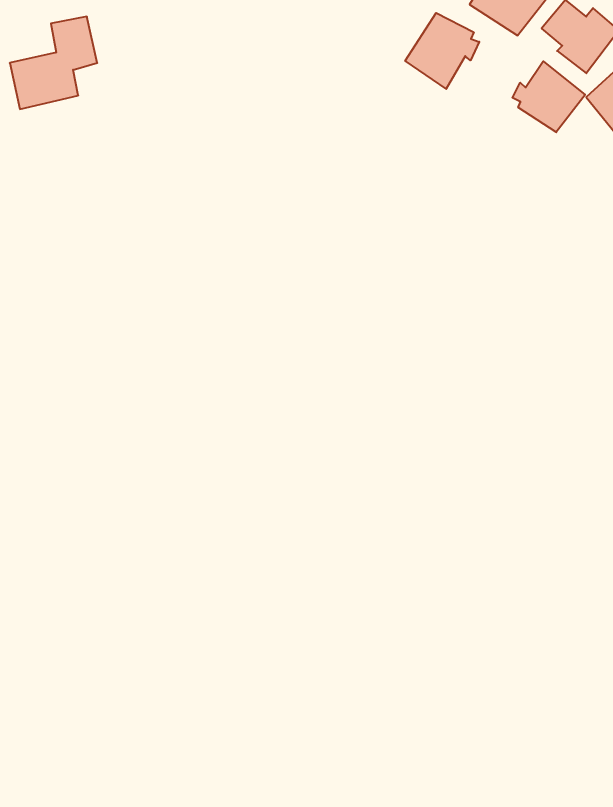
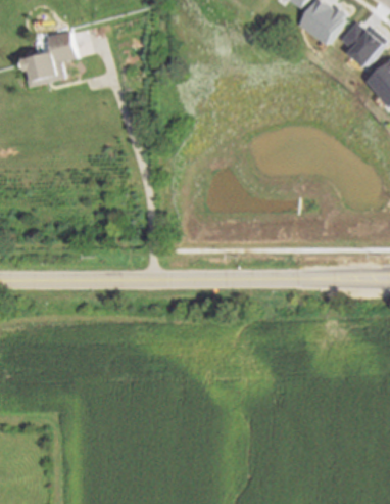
building: [405,13,479,89] -> none
building: [512,61,585,132] -> none

